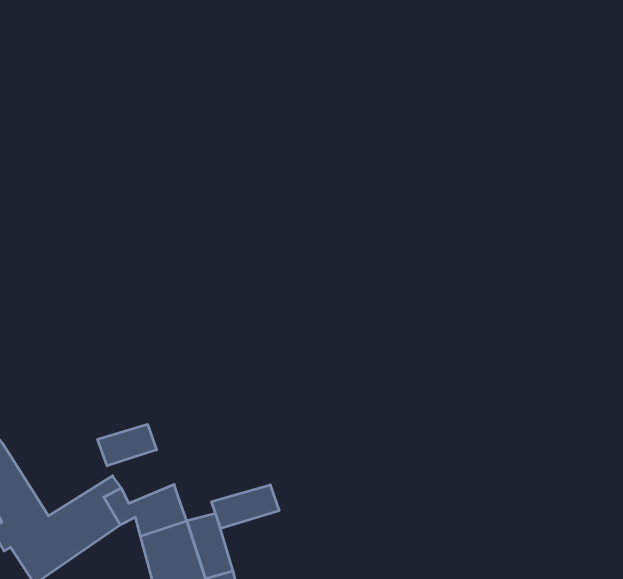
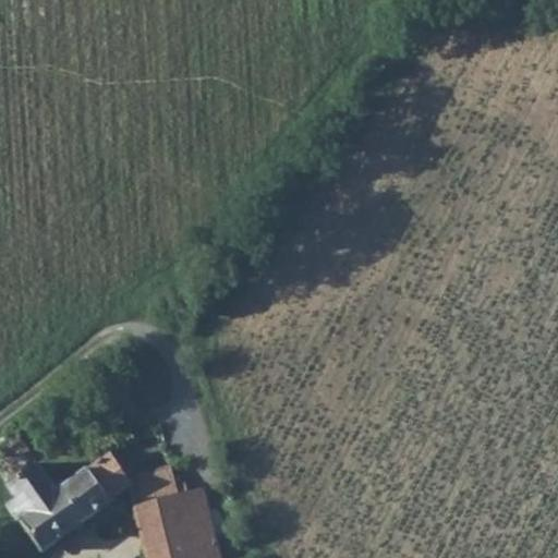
building: [98,424,157,466] -> none
building: [212,485,279,528] -> none

